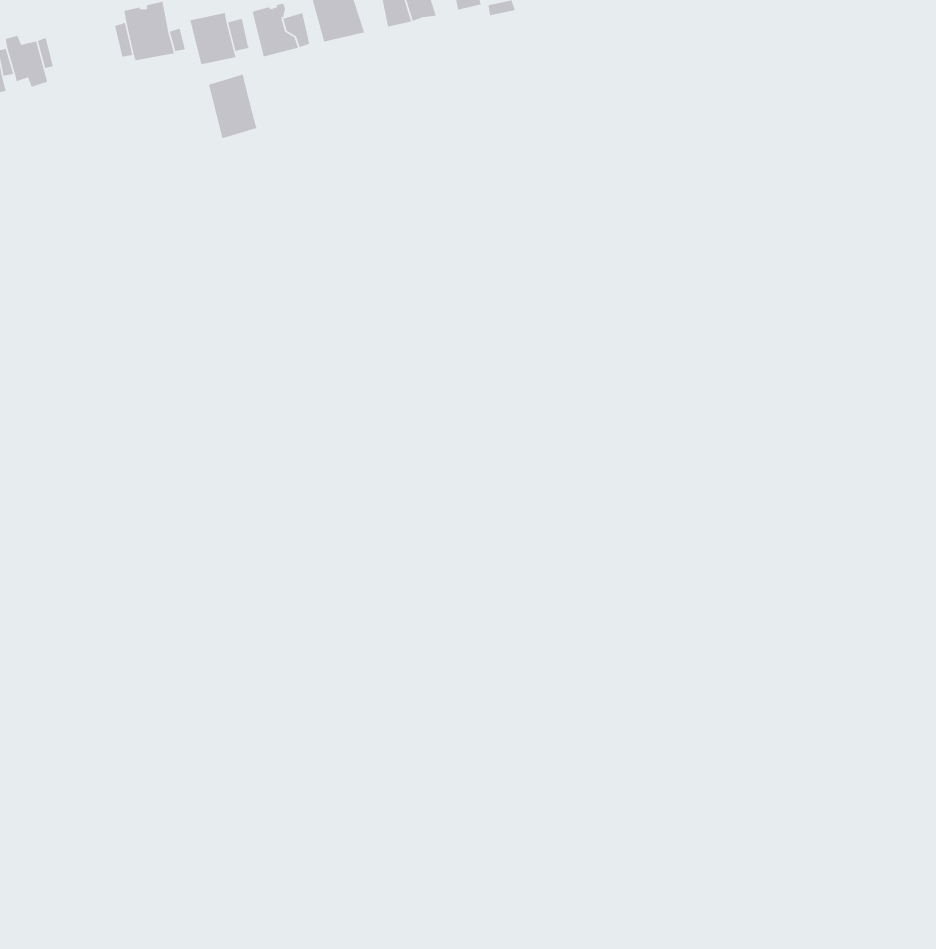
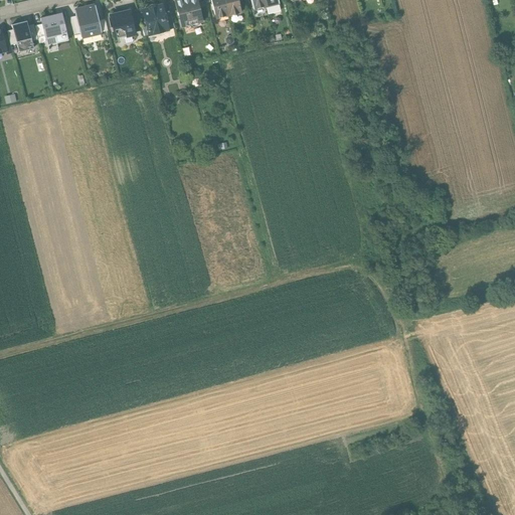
building: none -> [41,13,68,44]
building: [208,73,257,139] -> none

